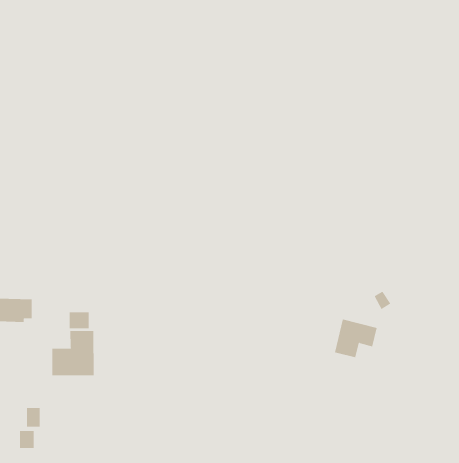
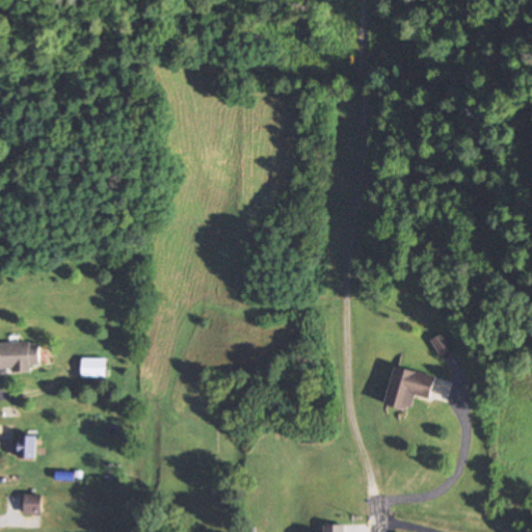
building: [52,330,94,376] -> none
building: [26,407,41,427] -> [17,435,33,458]

